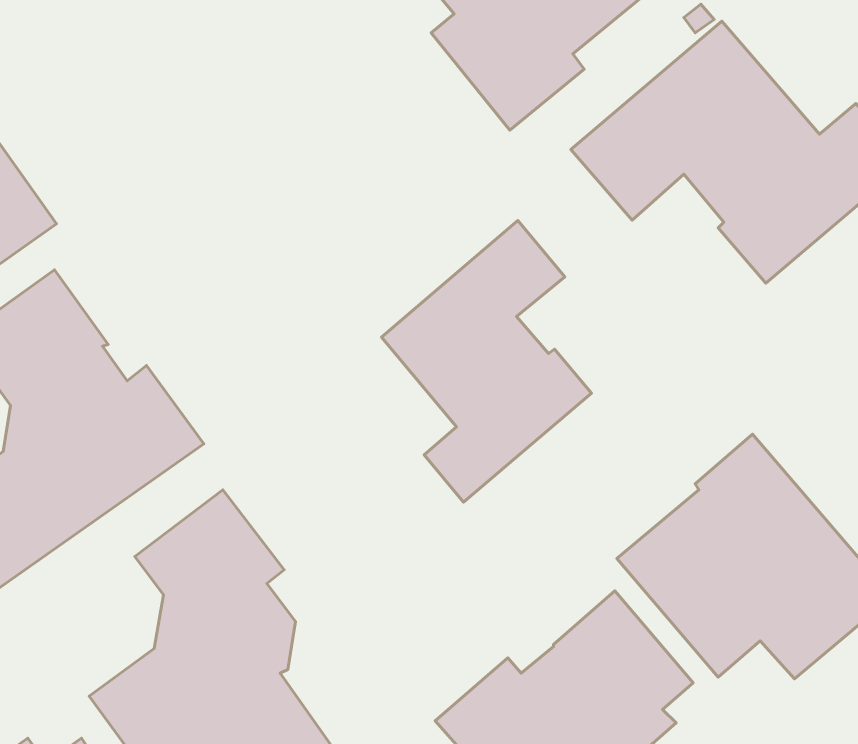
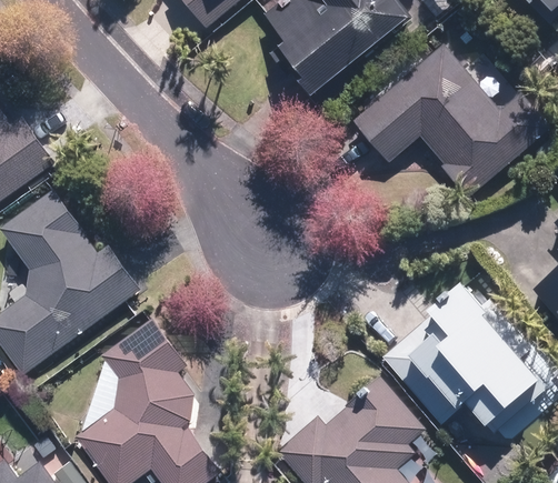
building: [382,221,591,502] -> none

